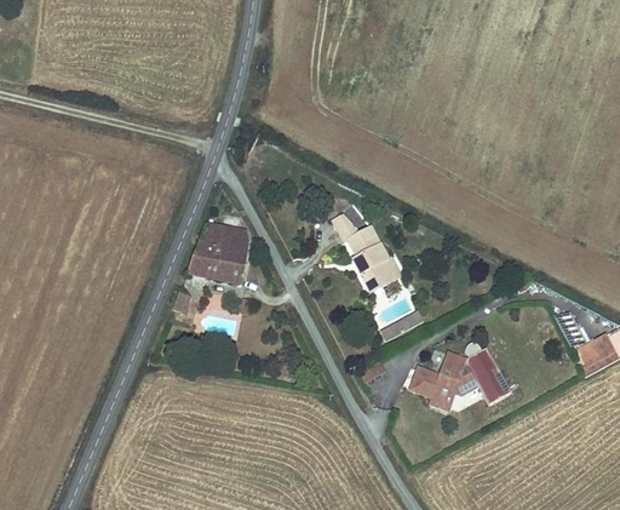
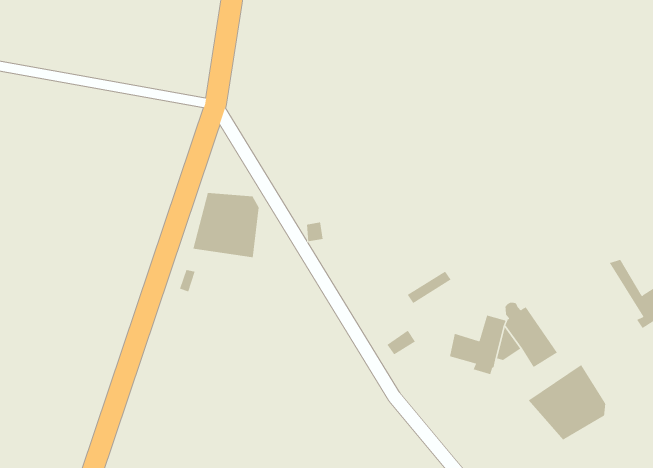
building: [334,213,402,291] -> none
building: none -> [528,364,606,440]

